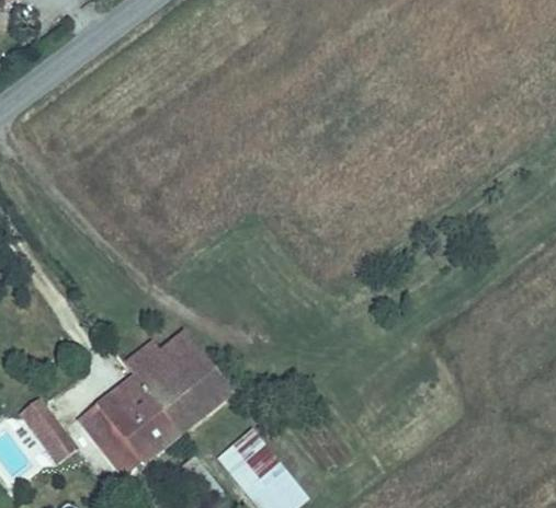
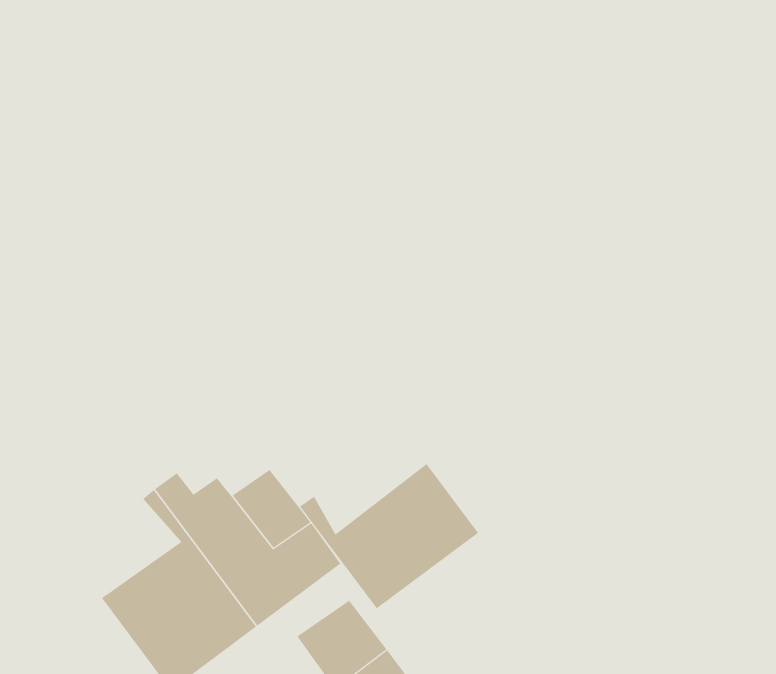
building: none -> [299,463,479,609]
building: [19,403,66,455] -> none

